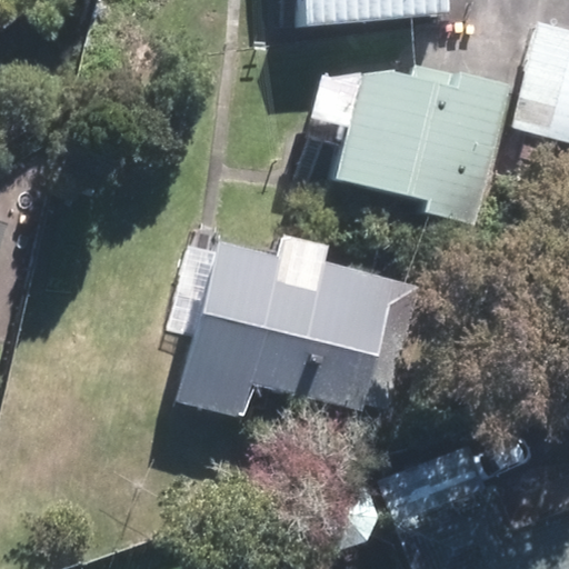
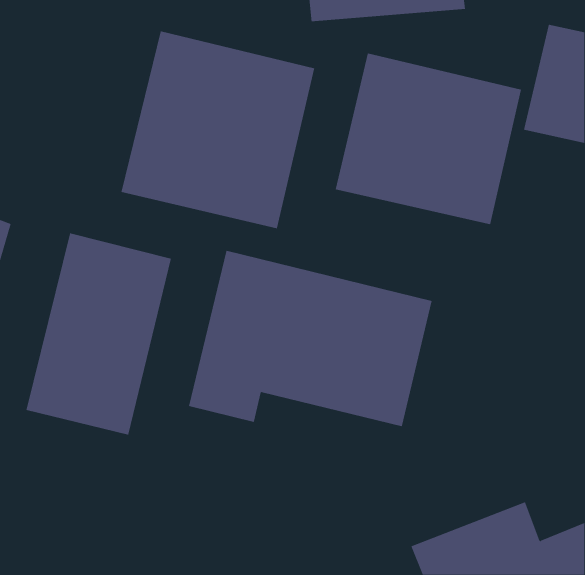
building: none -> [121,31,315,229]
building: none -> [26,233,171,435]

